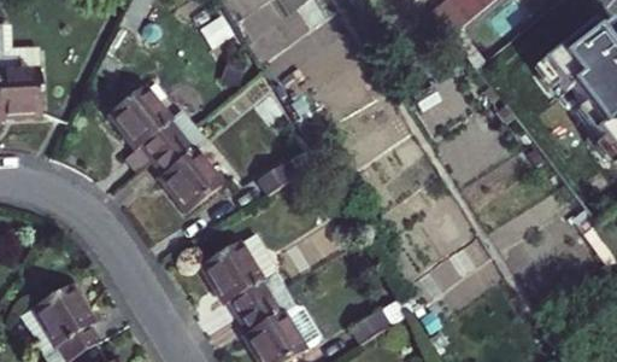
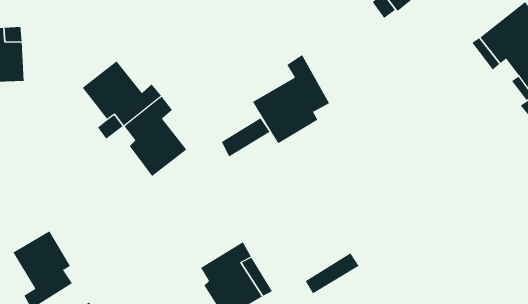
building: none -> [252,54,330,144]
building: [199,232,286,315] -> none

